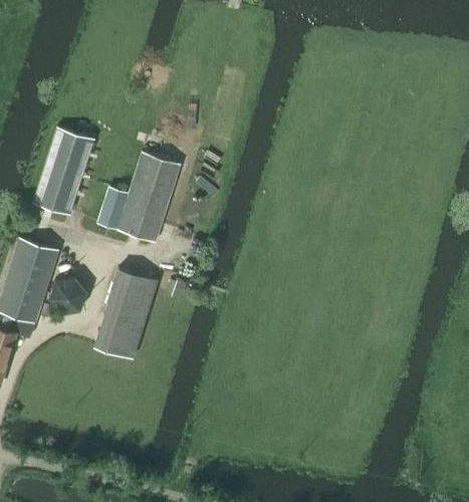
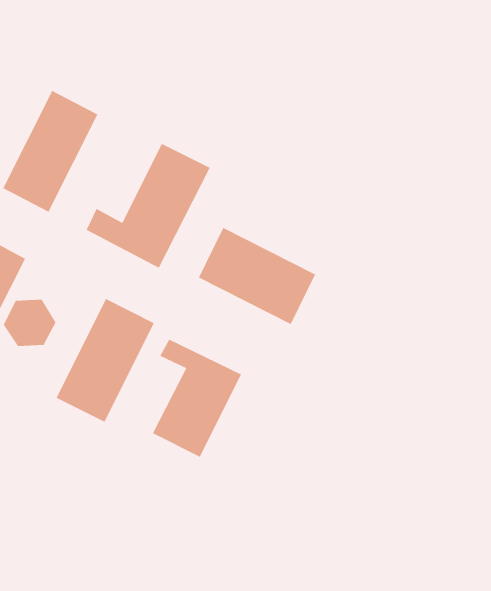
building: none -> [198,227,316,325]
building: none -> [152,338,242,458]

